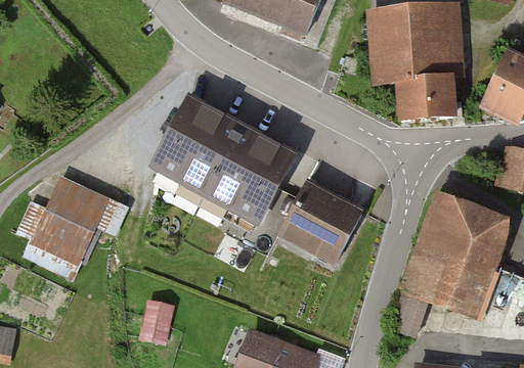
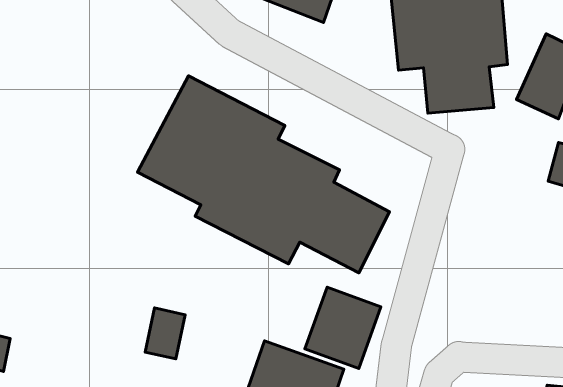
building: [31,176,113,266] -> none
building: [395,197,510,332] -> none
building: none -> [305,287,381,369]

